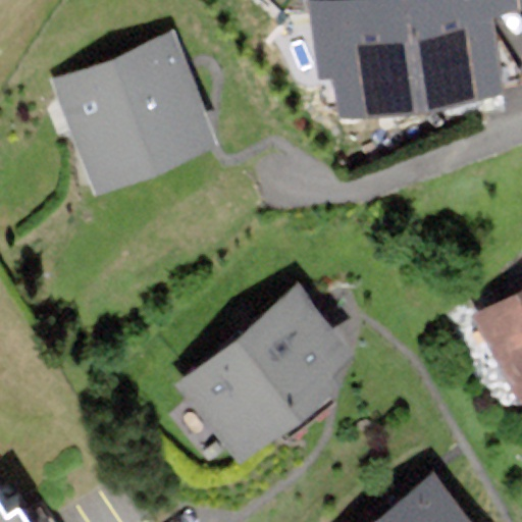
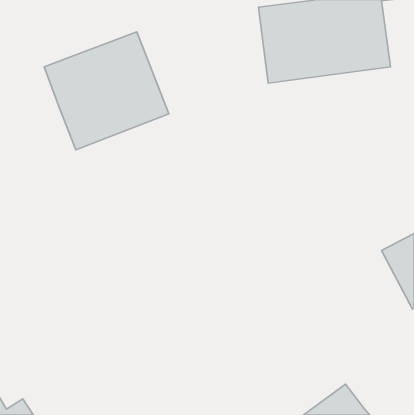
building: [182,297,335,457] -> none

